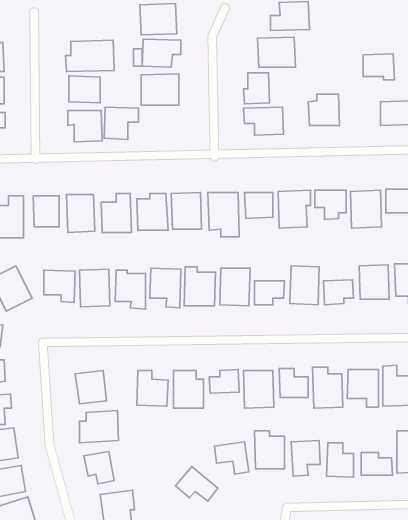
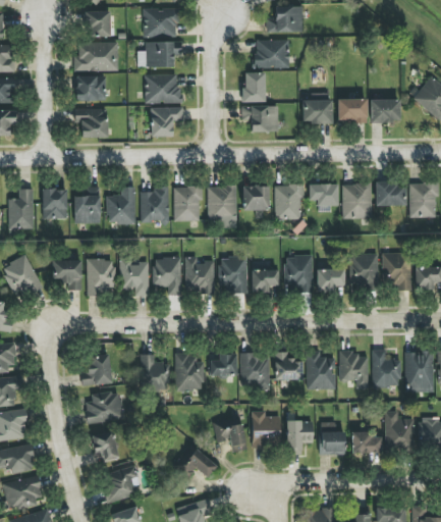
building: none -> [84,10,110,37]
building: [363,54,394,80] -> [337,98,367,122]
building: [104,107,139,139] -> [150,106,182,137]

